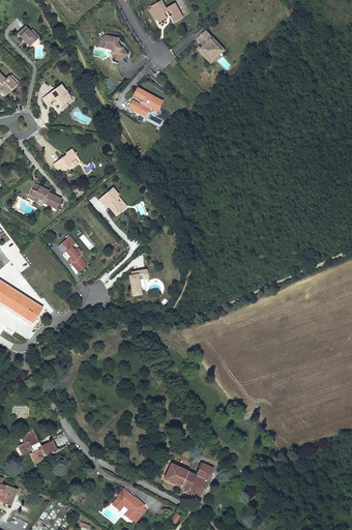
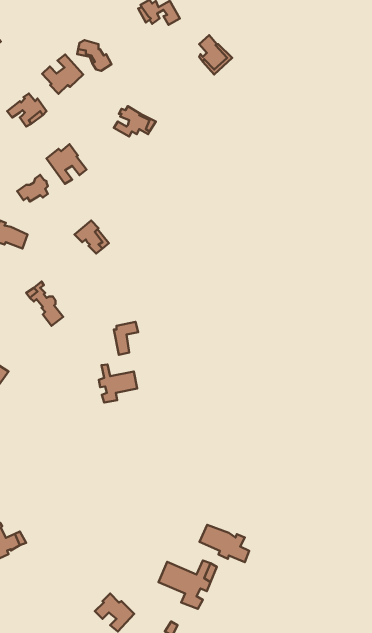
building: none -> [42,54,83,94]
building: none -> [46,144,87,184]
building: none -> [99,365,137,402]
building: none -> [199,525,249,562]

